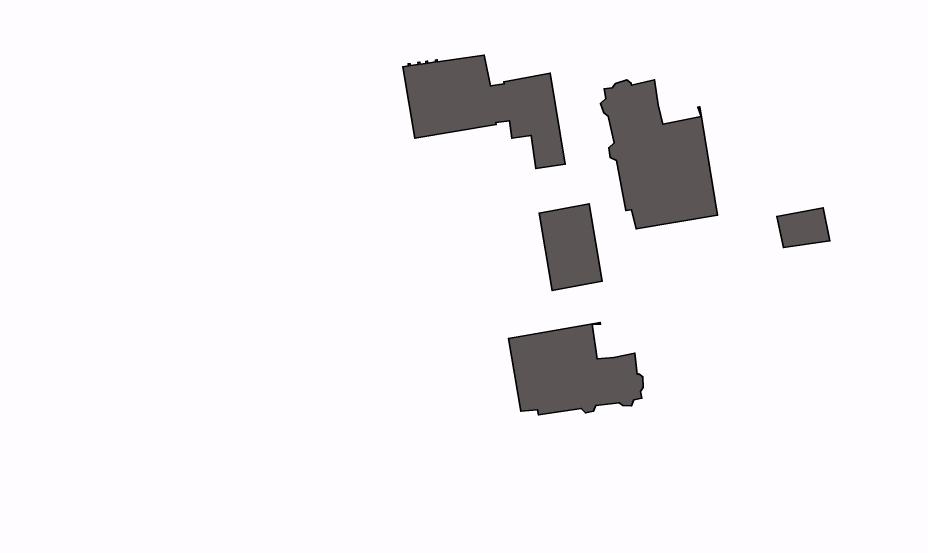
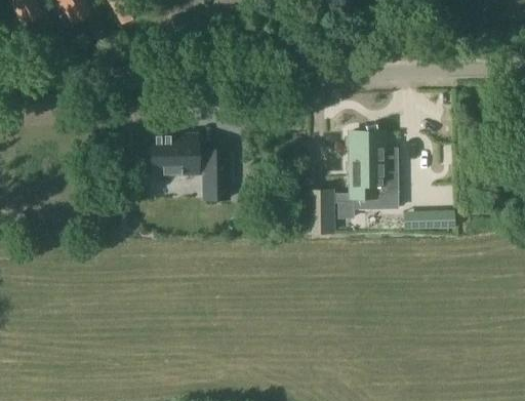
building: [403,55,565,168] -> [153,134,230,198]
building: [508,322,643,415] -> none

